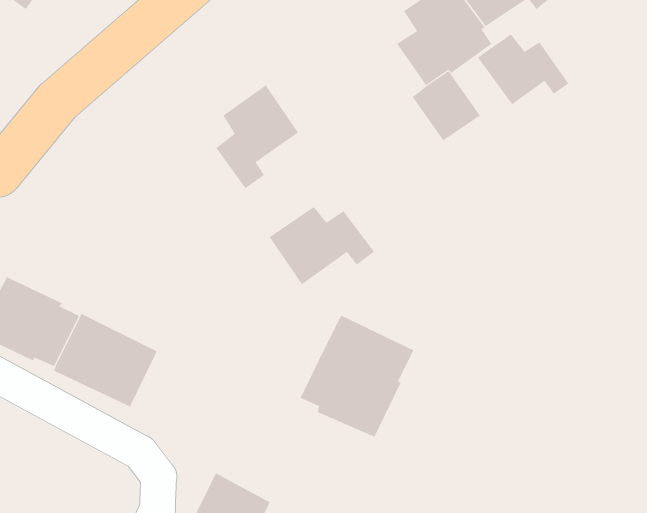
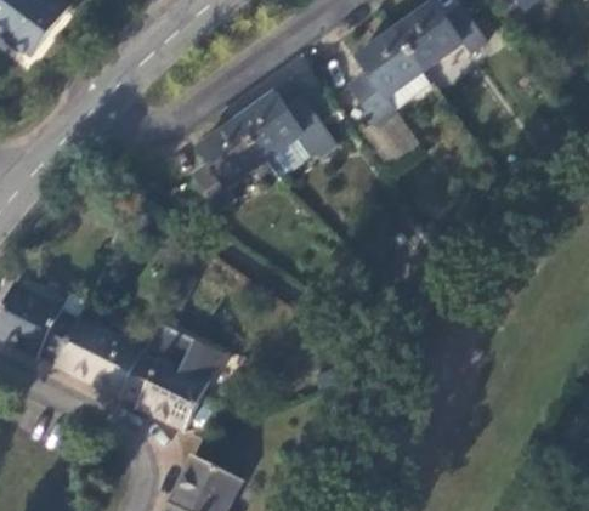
building: [477,34,569,105] -> none
building: [269,206,375,285] -> [236,92,327,160]
building: [300,315,414,437] -> [120,322,219,427]

